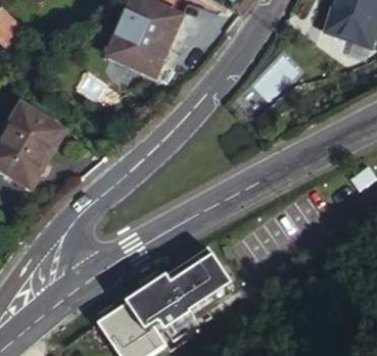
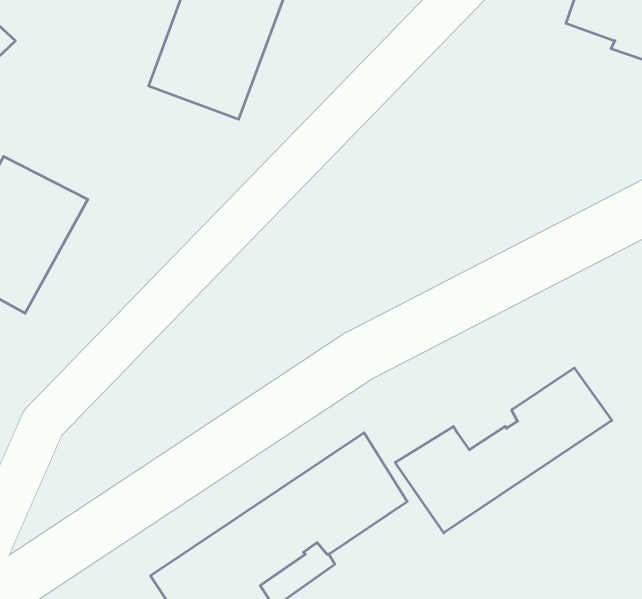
building: none -> [395,368,612,533]

